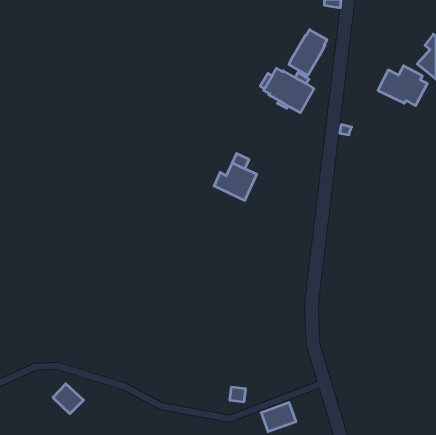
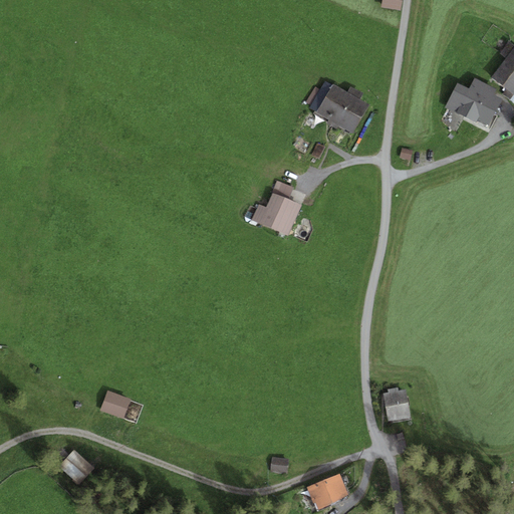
building: [289,30,327,75] -> none
building: none -> [382,387,411,421]
building: none -> [98,392,128,420]

